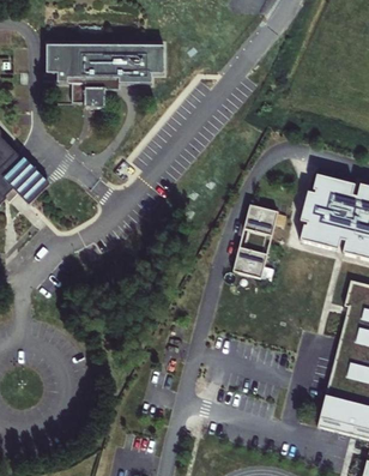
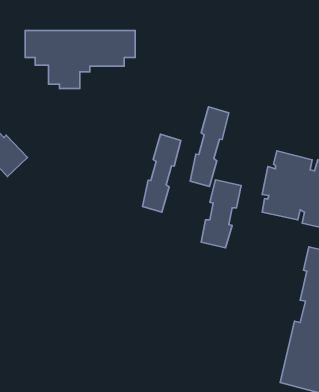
building: none -> [190,107,229,187]
building: none -> [142,134,181,212]

